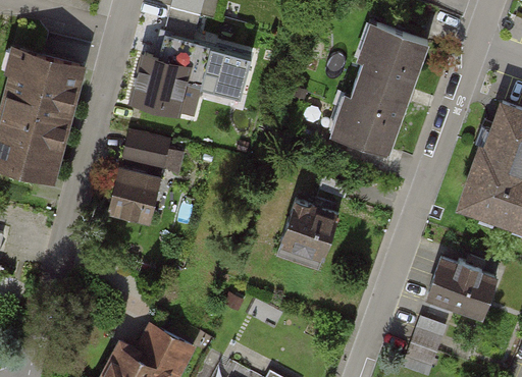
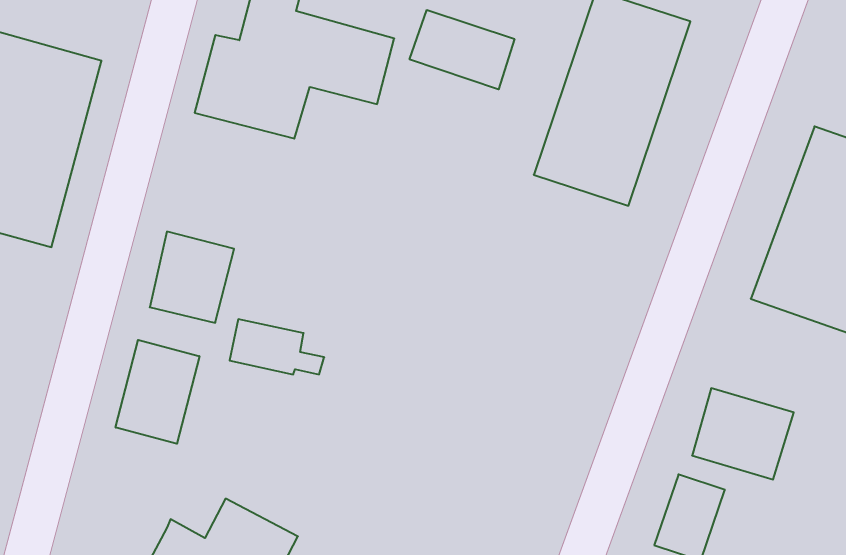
building: none -> [410,10,514,89]
building: [124,132,180,165] -> [230,319,324,374]
building: [282,207,337,263] -> none
building: none -> [116,340,199,444]

